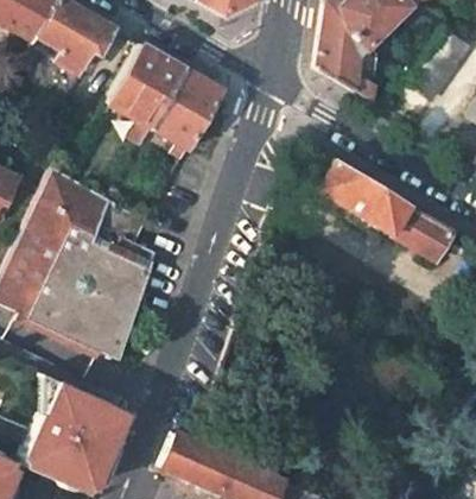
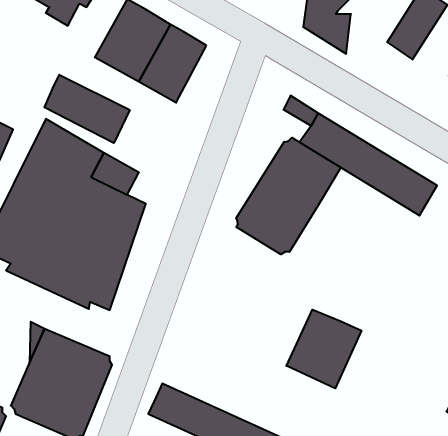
building: none -> [44,75,130,143]
building: none -> [236,138,341,254]
building: none -> [286,310,361,388]

